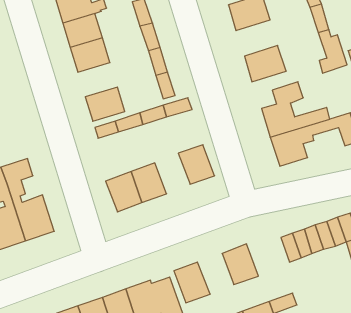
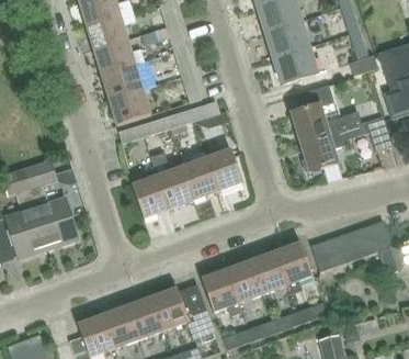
building: none -> [264,21,307,58]
building: none -> [102,59,157,100]
building: none -> [181,158,217,200]
building: none -> [275,243,311,293]
building: none -> [225,261,262,303]

